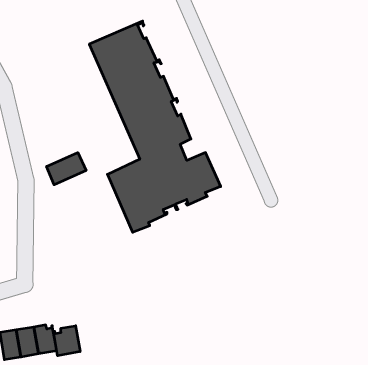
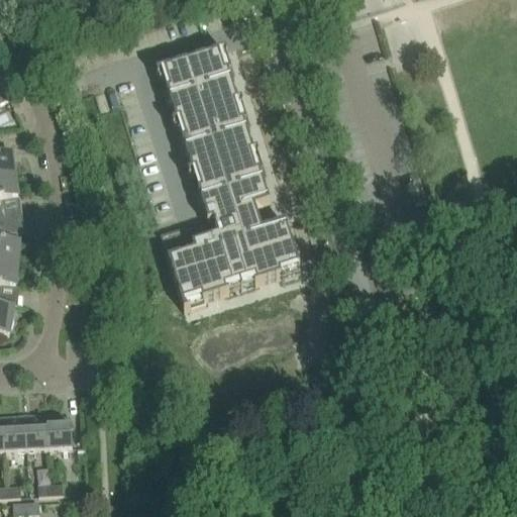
building: [47,153,86,185] -> none
building: [54,326,80,356] -> none

